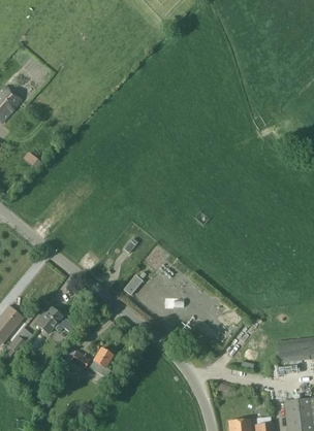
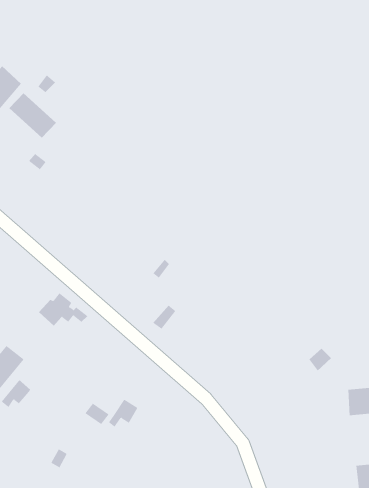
building: none -> [8,93,57,138]
building: [35,307,74,334] -> [38,293,88,327]

